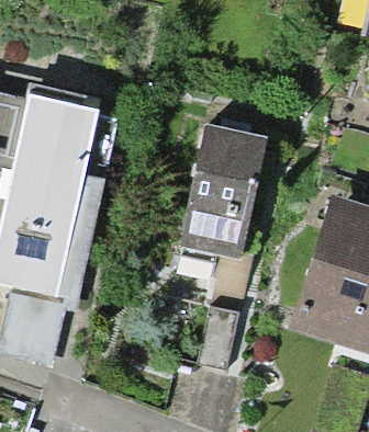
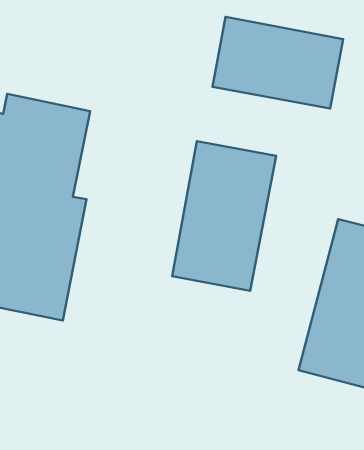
building: none -> [212,17,343,108]

